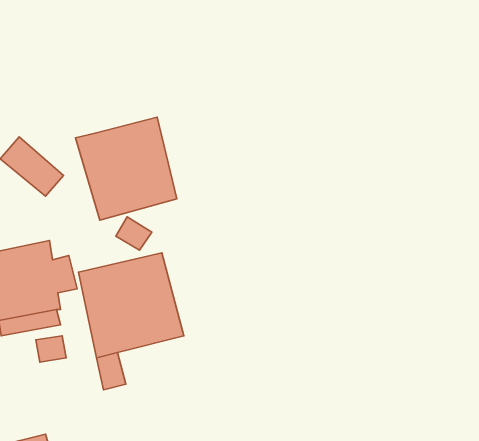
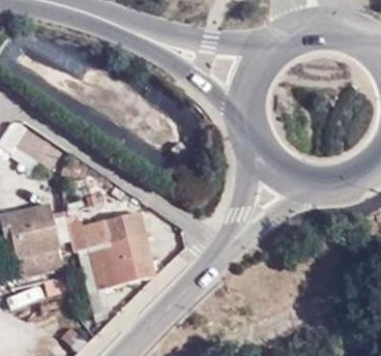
building: [76,117,177,220] -> none

